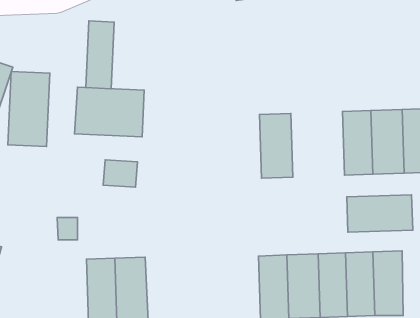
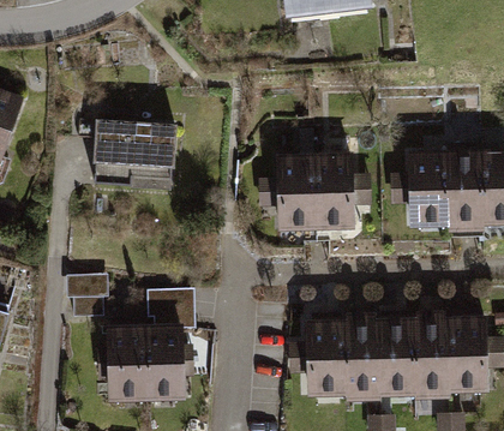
building: [86,21,114,89] -> none
building: [8,71,50,147] -> none
building: none -> [278,154,314,231]
building: [103,160,138,187] -> [140,283,181,316]
building: [347,195,413,232] -> none

